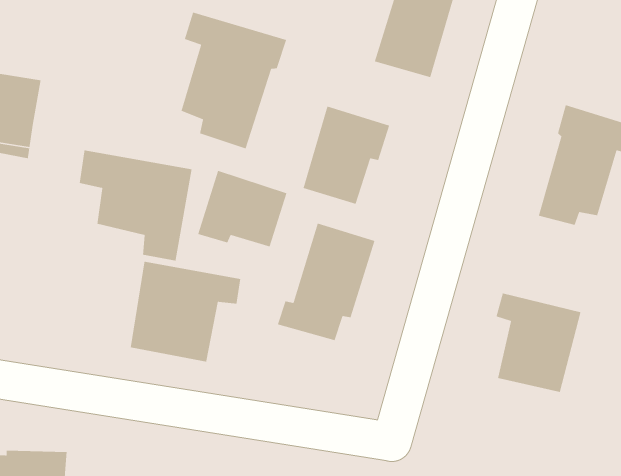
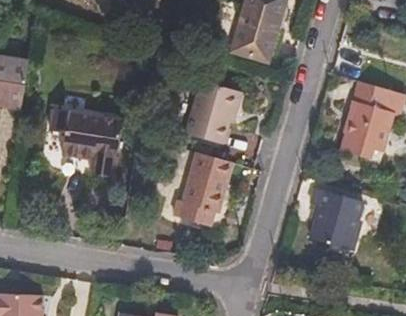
building: [180,12,287,149] -> none
building: [197,170,287,247] -> none
building: [130,261,241,362] -> none

